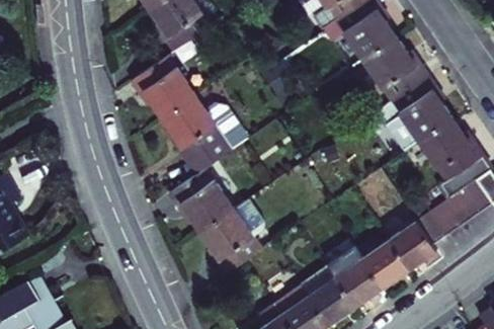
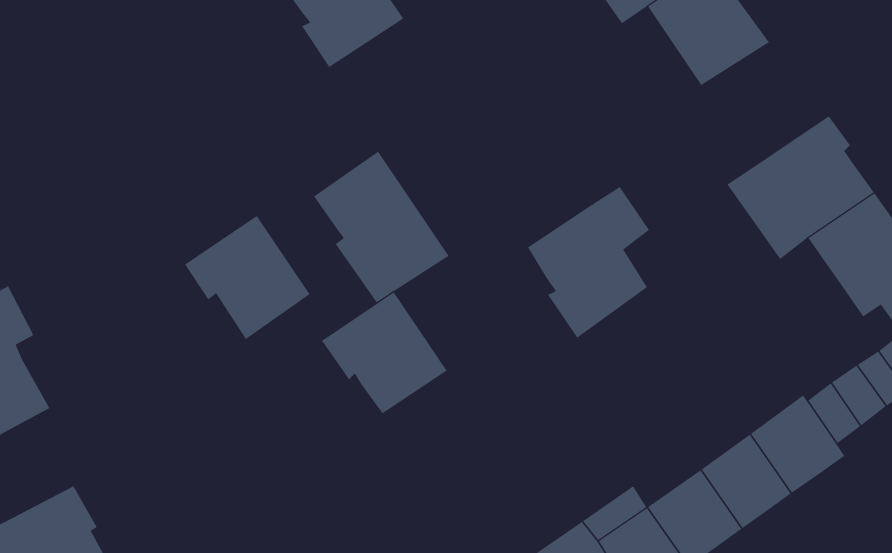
building: [361,40,427,103] -> none
building: [132,56,196,119] -> [184,215,311,340]
building: [198,199,261,277] -> [527,186,650,339]

